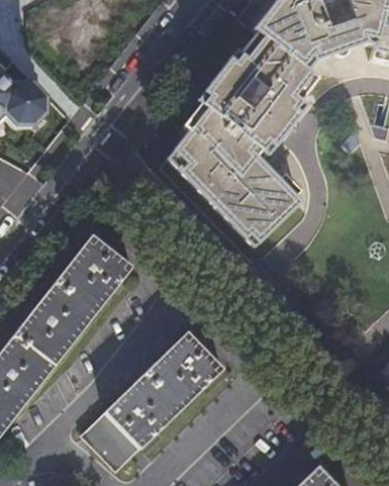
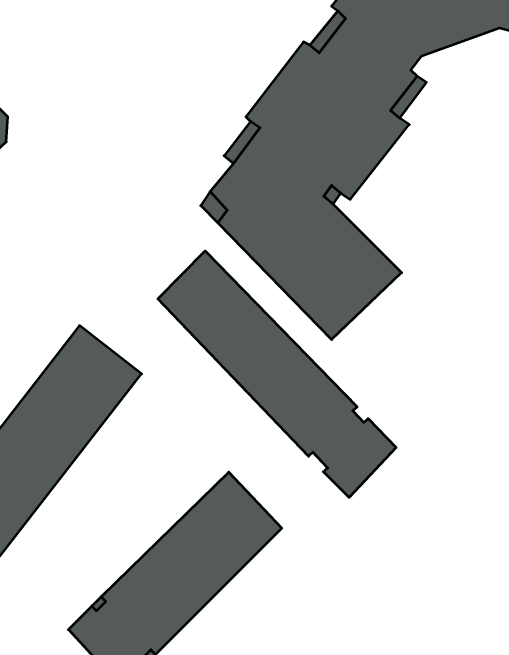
building: none -> [158,251,396,497]

